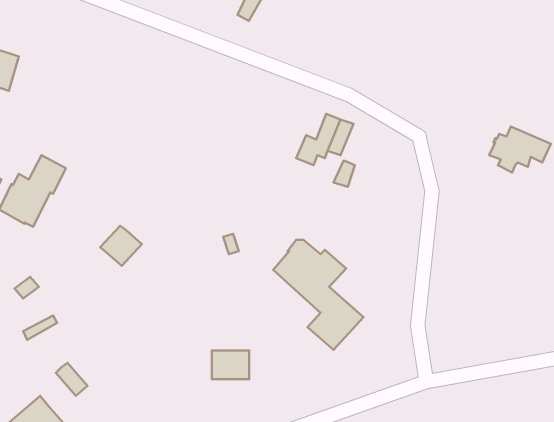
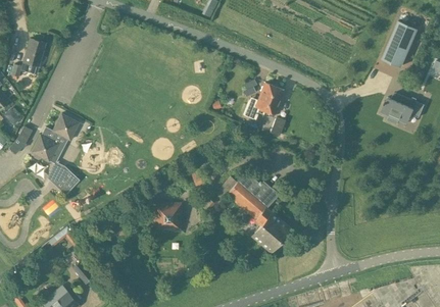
building: none -> [382,22,418,68]
building: [100,226,142,266] -> [50,166,80,195]
building: [212,351,249,379] -> [154,207,181,227]

